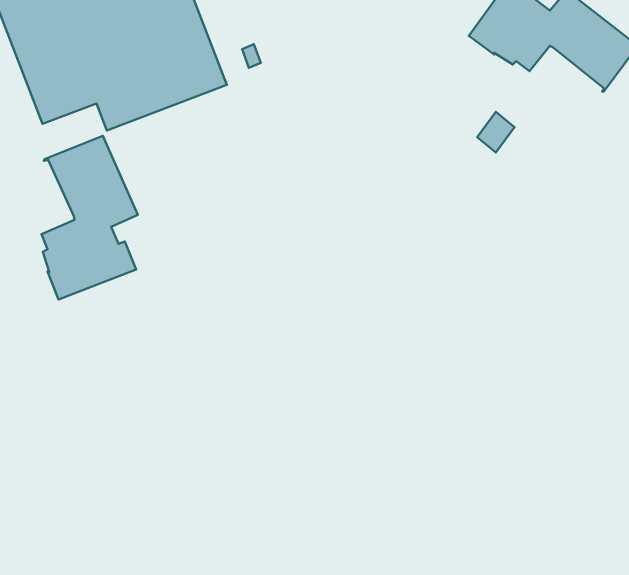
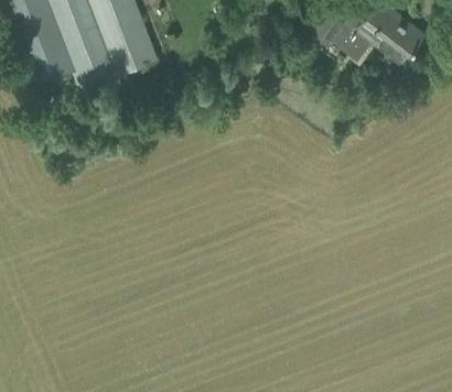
building: [41,136,138,299] -> none

